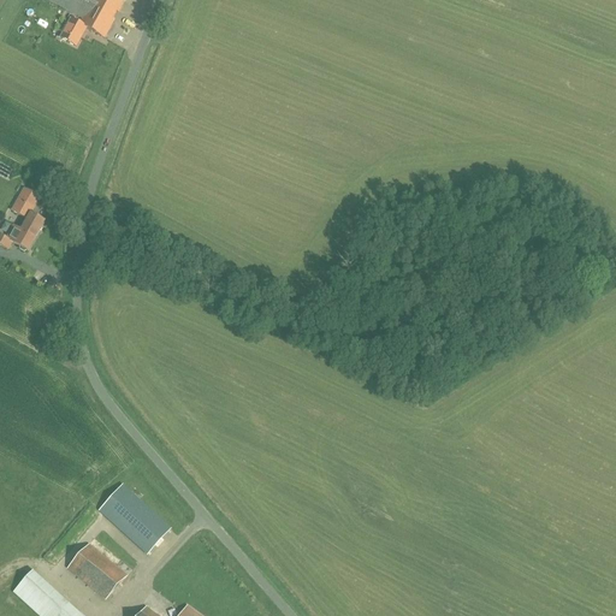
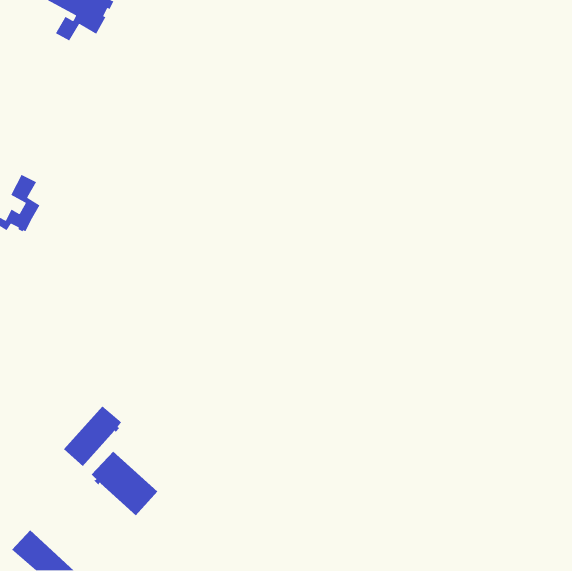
building: none -> [63,405,122,467]
building: [66,543,126,599] -> none

